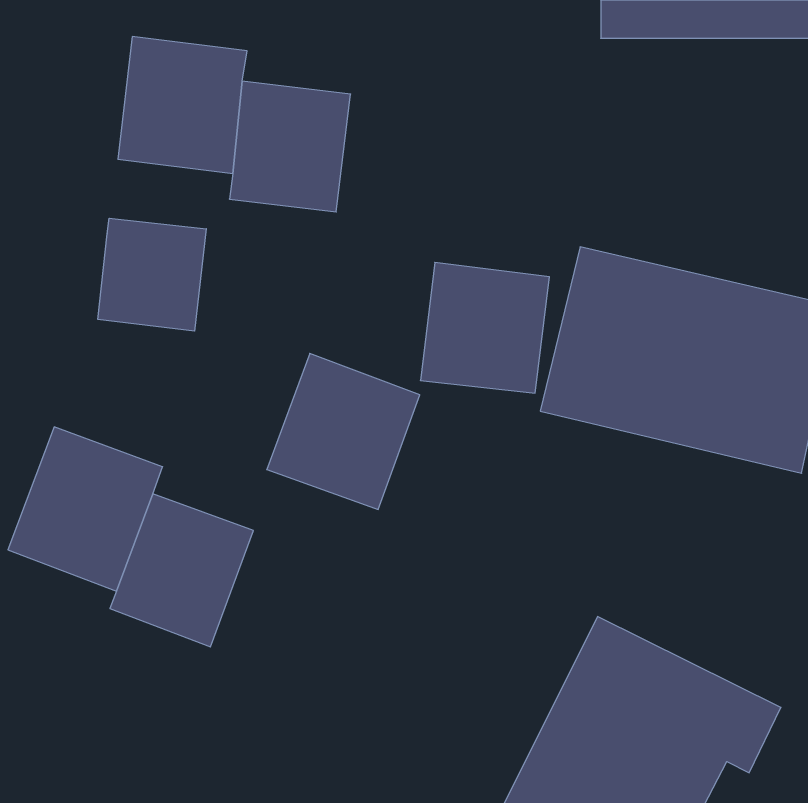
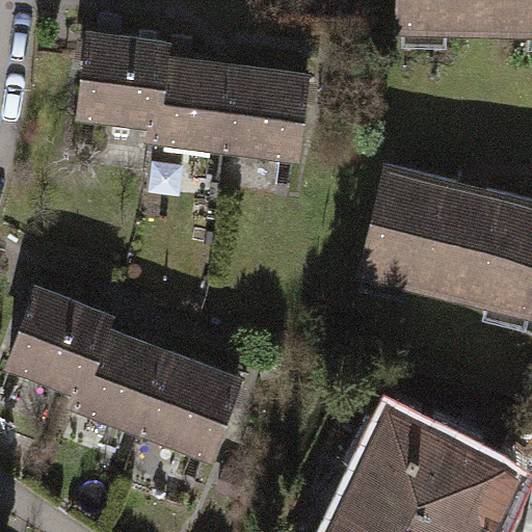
building: [98,218,206,331] -> none
building: [420,262,549,393] -> [223,69,308,154]
building: [267,353,420,509] -> [141,353,241,455]

